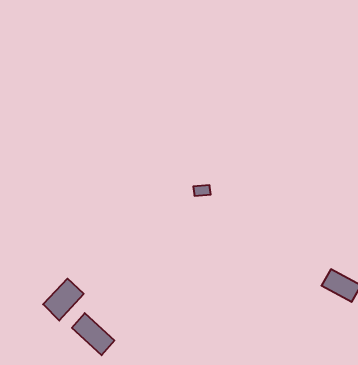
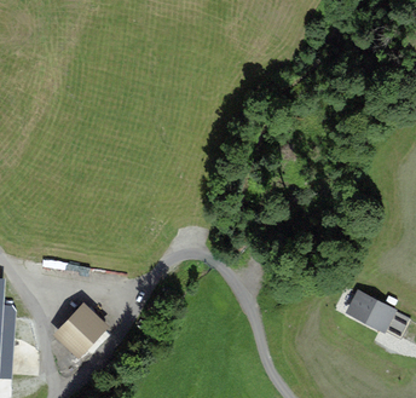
building: [72,313,114,355] -> none

